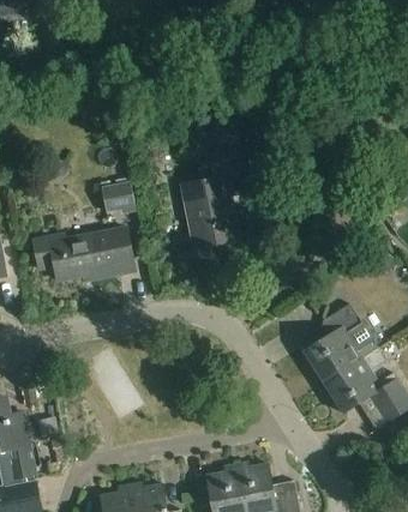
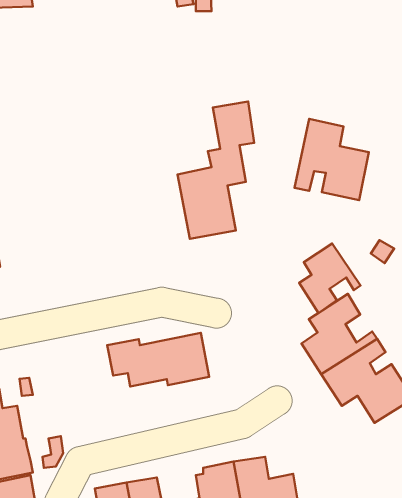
building: none -> [295,119,369,200]
building: [101,181,134,212] -> none
building: [34,227,134,279] -> [107,333,209,387]
building: none -> [299,243,361,313]

